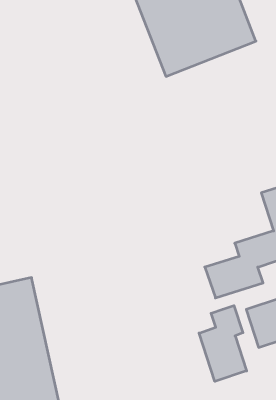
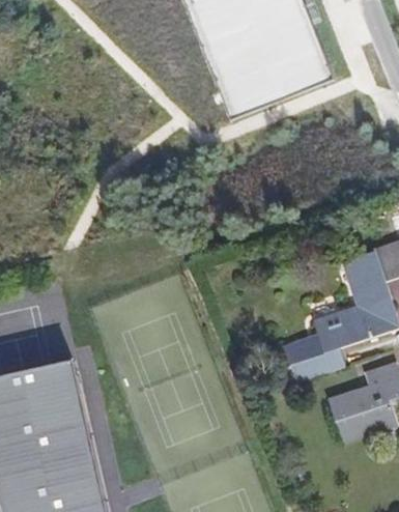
building: [199,306,247,381] -> none

